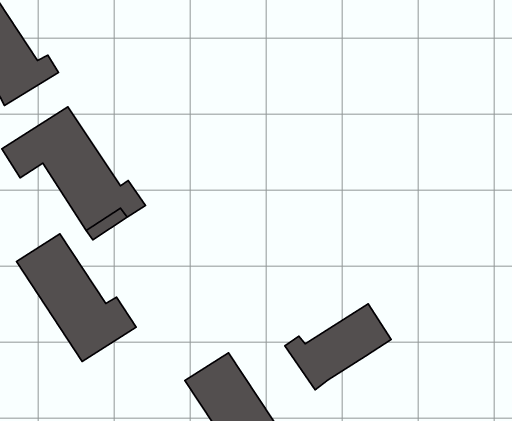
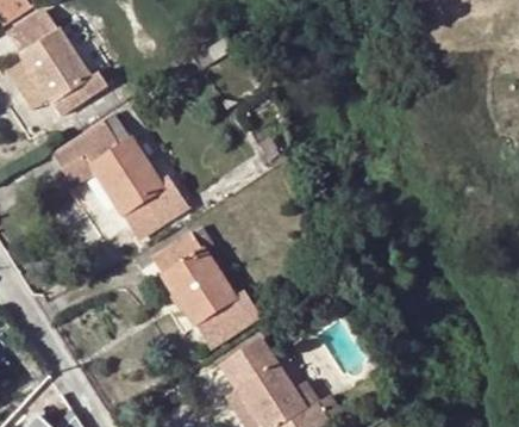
building: [16,234,136,362] -> [151,233,260,348]
building: [285,304,391,390] -> none

